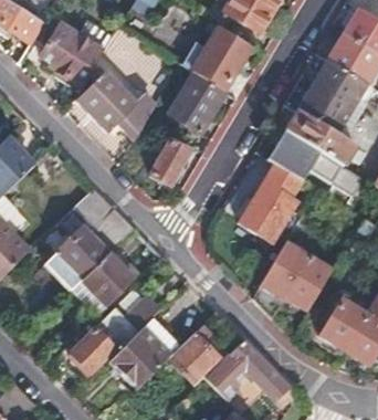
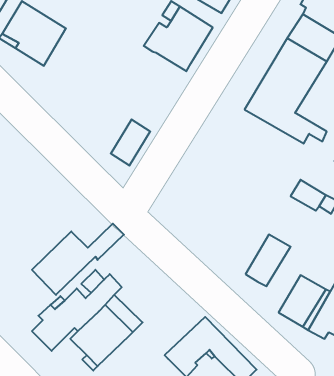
building: [75,69,153,141] -> none
building: [169,73,225,134] -> none
building: [267,130,354,187] -> none
building: [240,181,296,240] -> none
building: [44,187,135,292] -> none
building: [256,242,308,300] -> none
building: [168,333,219,384] -> none

